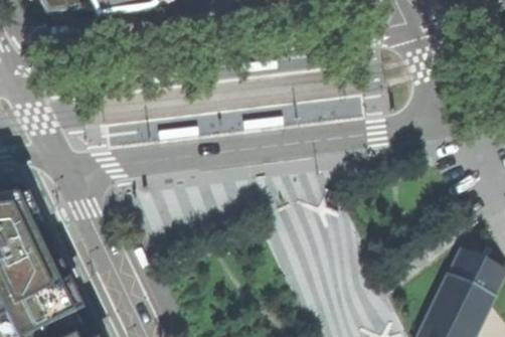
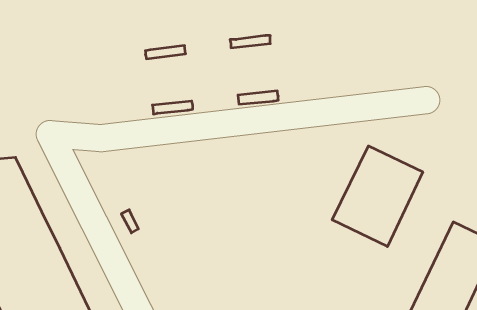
building: none -> [332,146,423,247]

